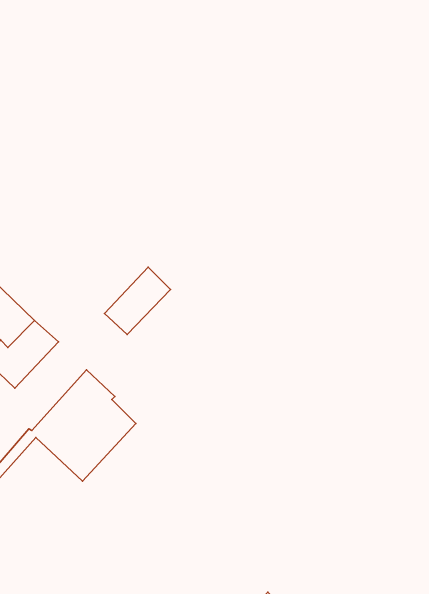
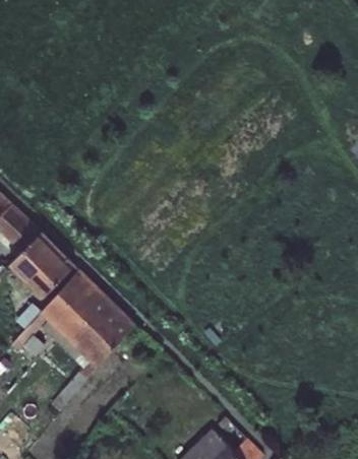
building: [105,267,171,335] -> [27,249,75,298]
building: none -> [74,308,134,384]

